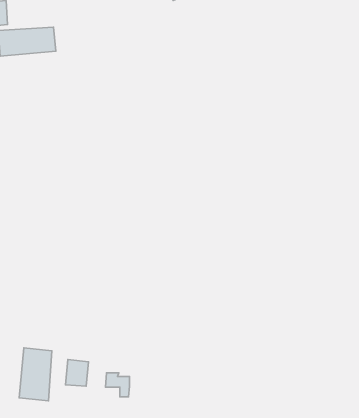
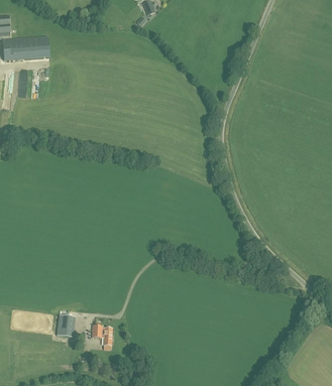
building: [19,348,52,401] -> none

